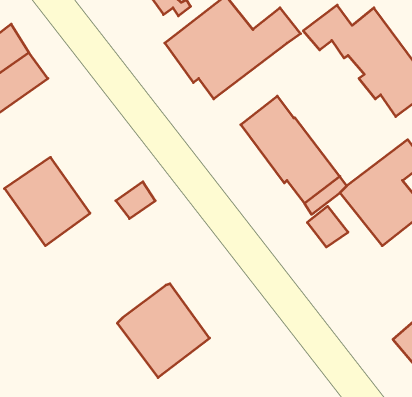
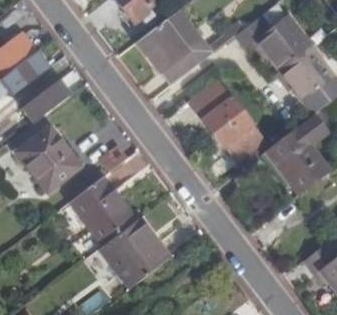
building: none -> [24,77,72,120]
building: none -> [72,177,137,245]

